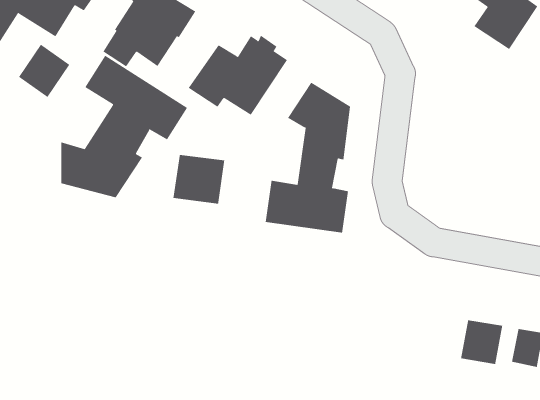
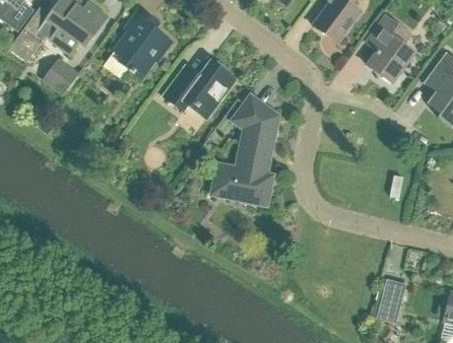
building: [61,55,188,198] -> none
building: [173,154,225,204] -> none
building: [460,319,503,365] -> none

